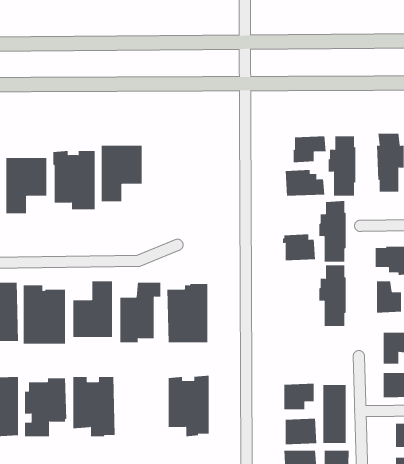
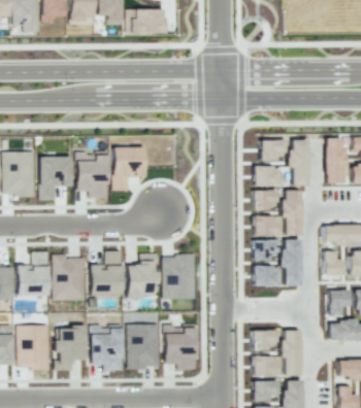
building: none -> [254,190,278,210]
building: none -> [254,239,280,261]
building: none -> [255,266,280,286]
building: none -> [128,324,161,369]

